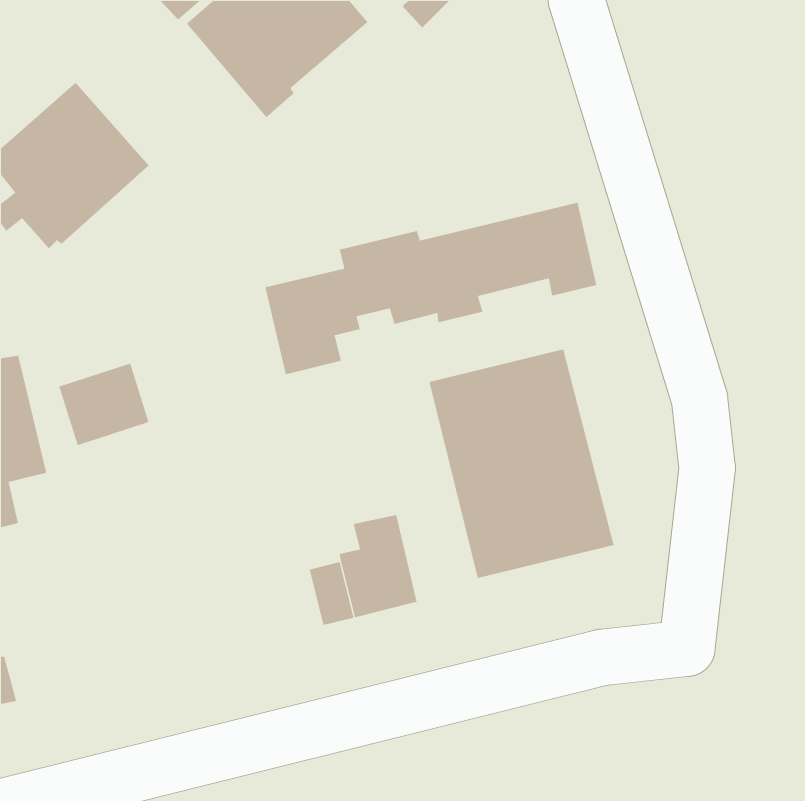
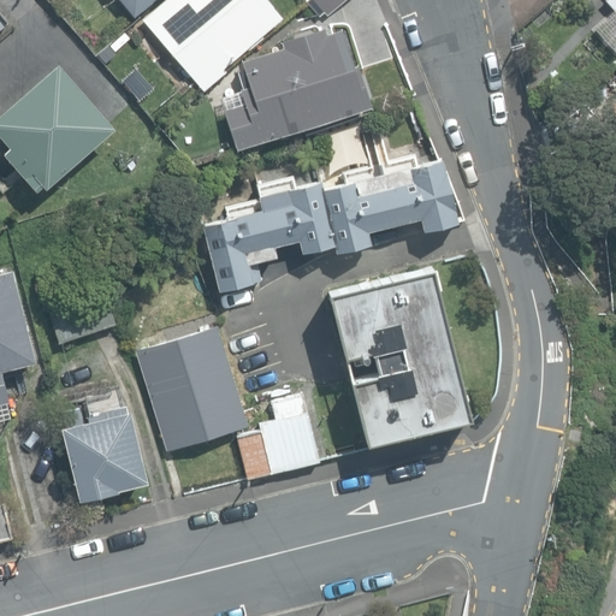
building: none -> [224,31,372,152]
building: none -> [136,326,247,451]
building: none -> [63,405,147,502]

